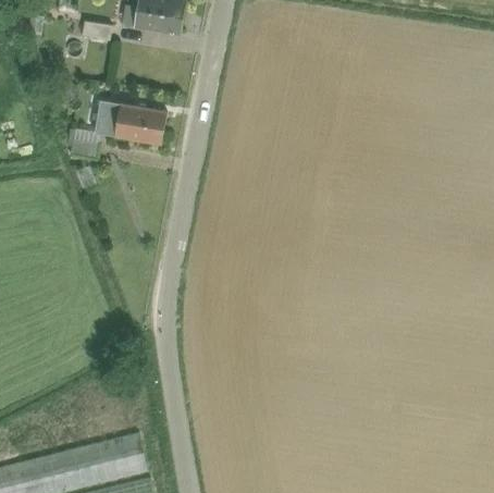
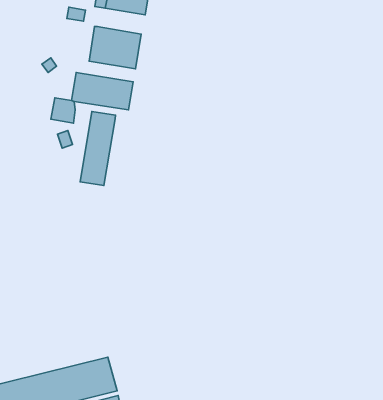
building: none -> [89,26,141,69]
building: none -> [80,111,115,186]

